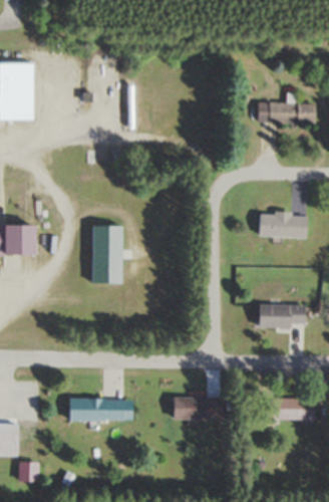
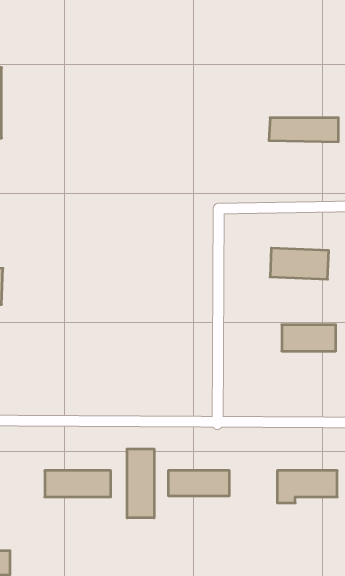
building: [93,229,121,288] -> none
building: [259,305,304,327] -> [282,325,336,351]
building: none -> [127,449,154,518]

